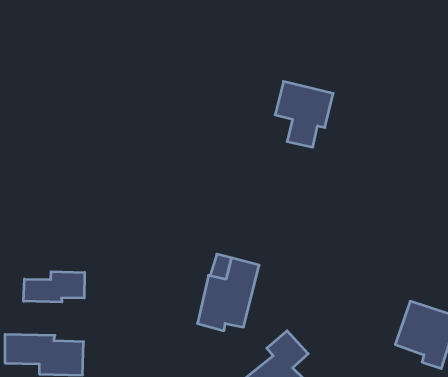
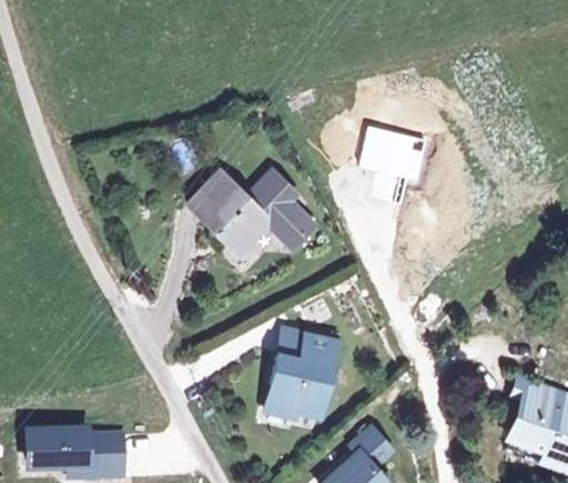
building: none -> [187,169,314,253]
building: [24,272,85,302] -> none

